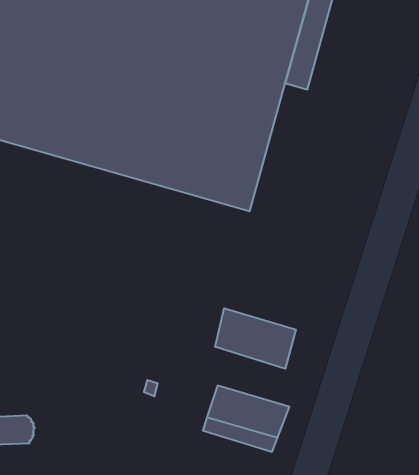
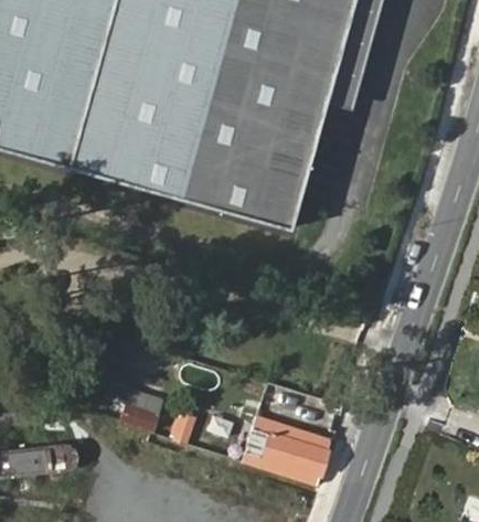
building: [215,308,296,369] -> none
building: none -> [119,384,161,430]

